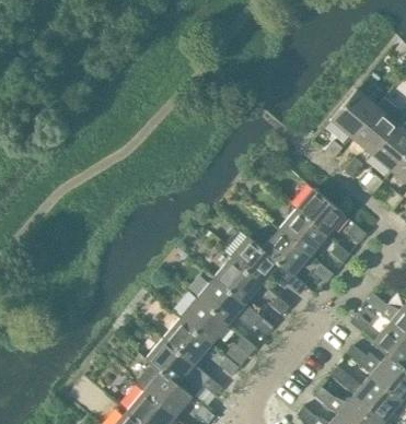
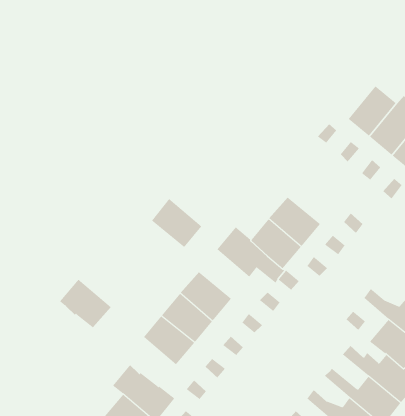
building: [330,90,378,138] -> none
building: [297,189,345,235] -> none
building: [214,258,262,304] -> [151,198,202,248]
building: [146,339,194,385] -> [59,279,111,329]

